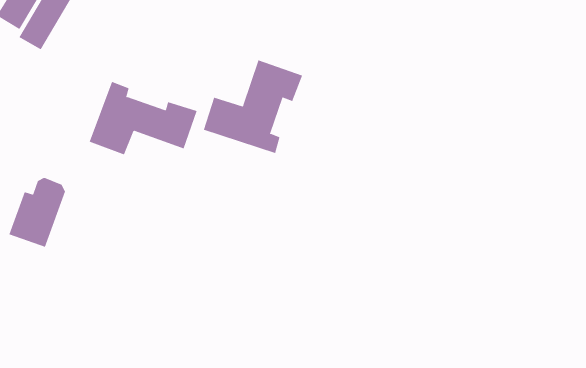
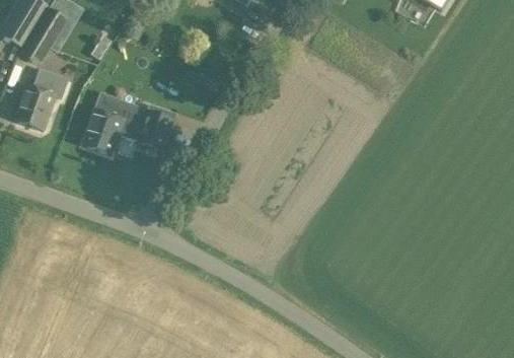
building: [203,60,303,154] -> none
building: [9,177,66,248] -> [12,69,61,129]

